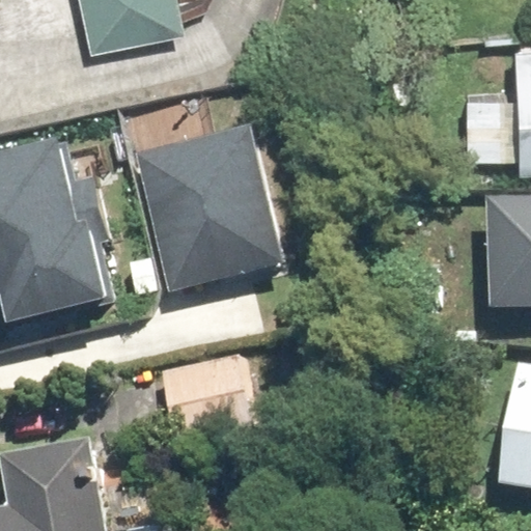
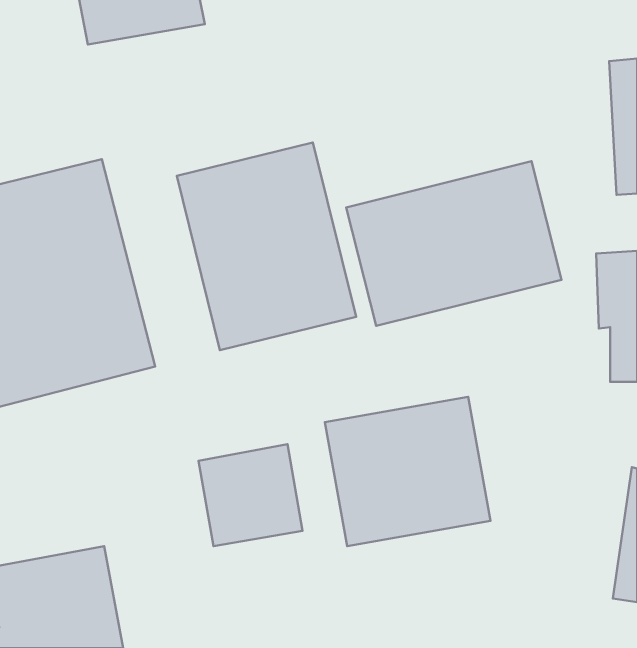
building: none -> [346,161,561,326]
building: none -> [325,397,490,546]

